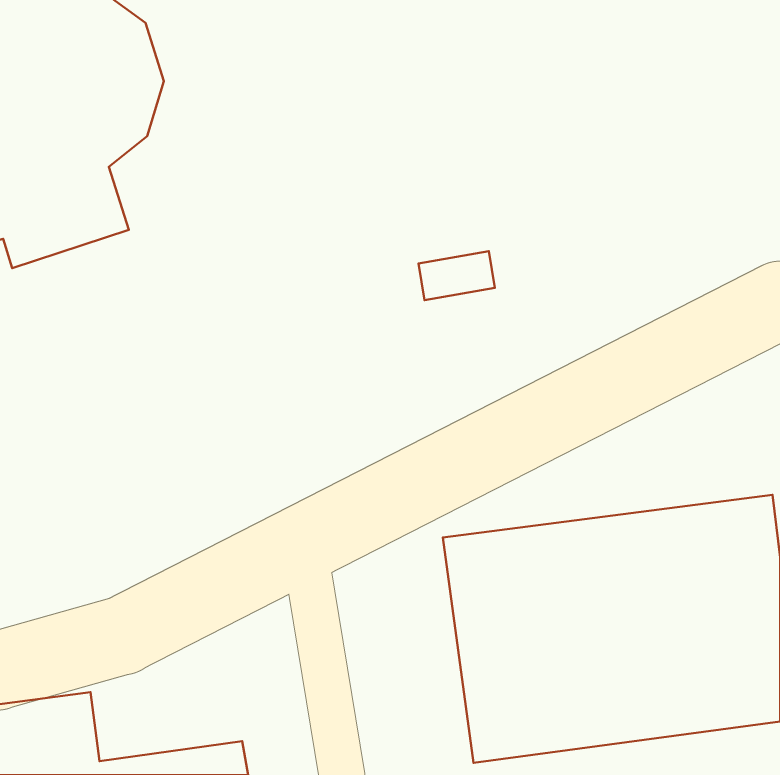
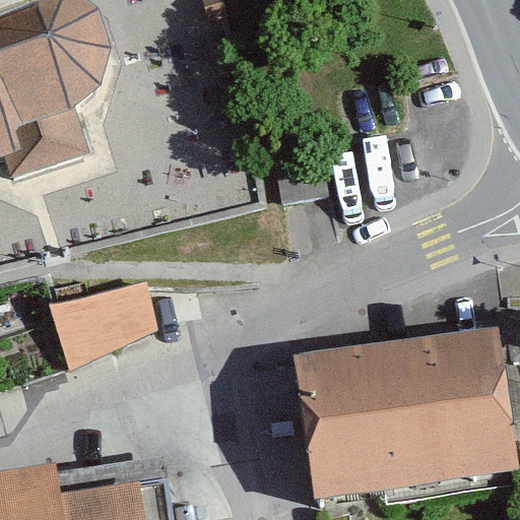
building: none -> [50,272,166,361]

